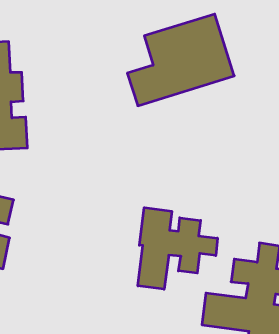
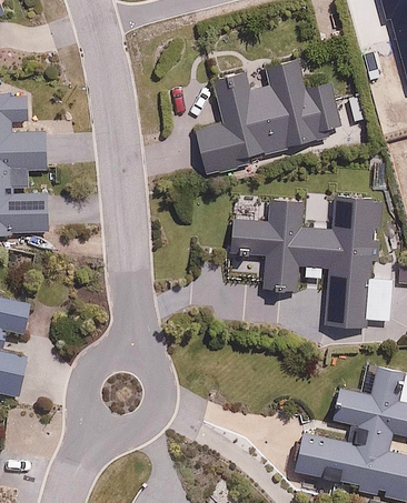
building: none -> [228,191,388,325]
building: [138,208,217,289] -> none

